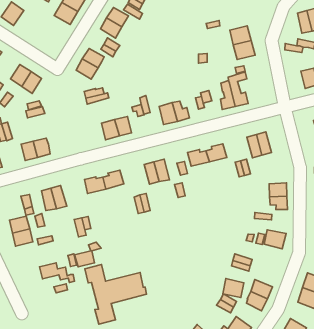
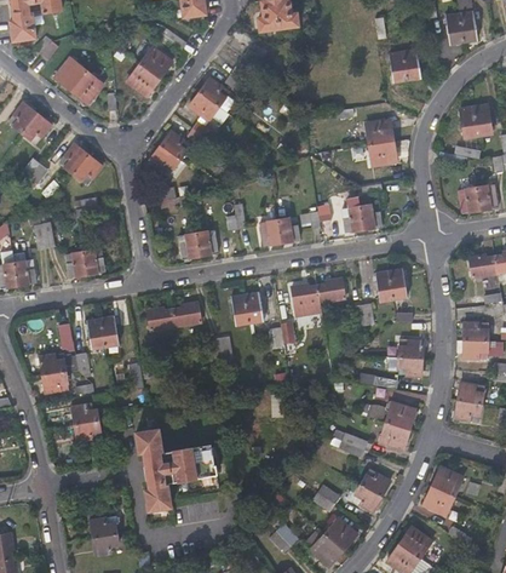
building: none -> [70,70,103,104]
building: [74,242,101,267] -> [71,392,109,424]
building: [223,278,244,297] -> [379,422,409,449]

